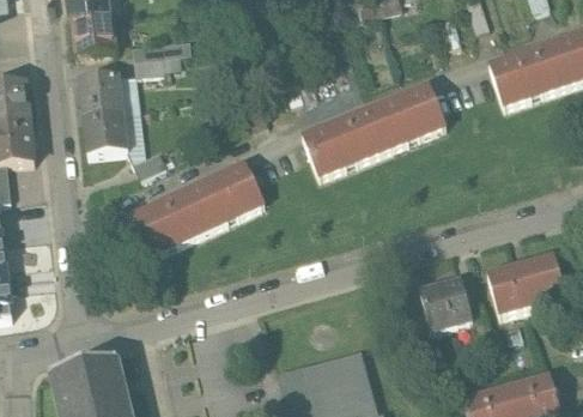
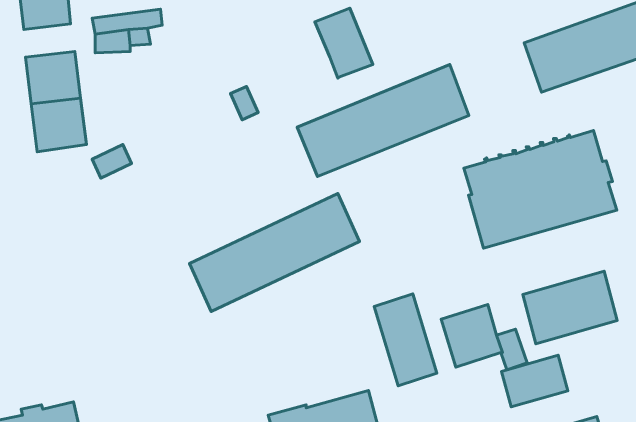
building: none -> [315,8,373,78]
building: none -> [464,131,617,248]
building: [122,161,262,258] -> [190,194,360,311]
building: none -> [374,294,437,386]
building: none -> [501,355,568,407]

